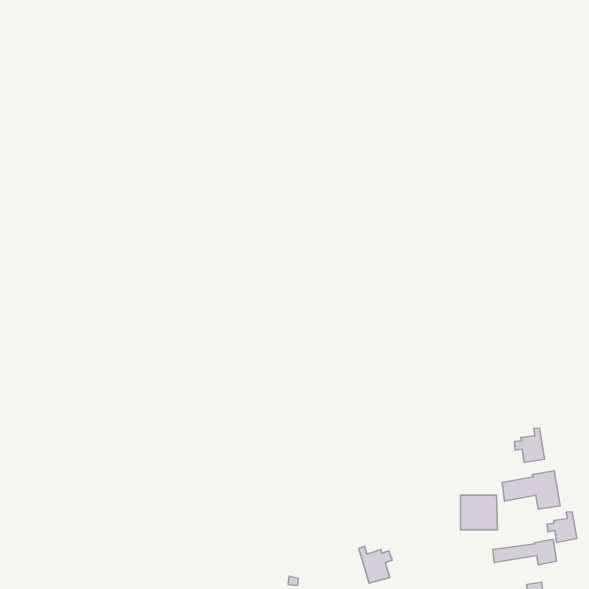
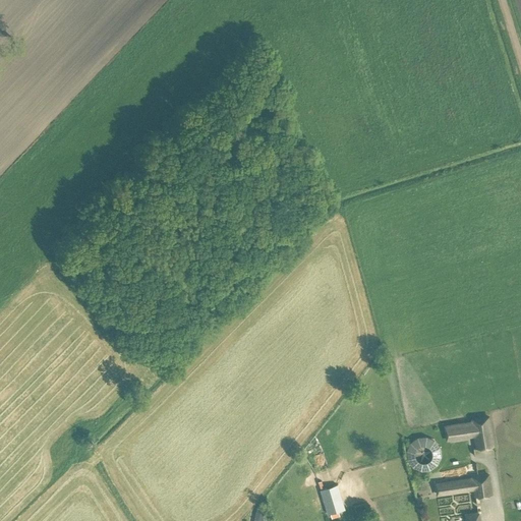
building: [514,428,545,463] -> none
building: [547,512,577,542] -> none

